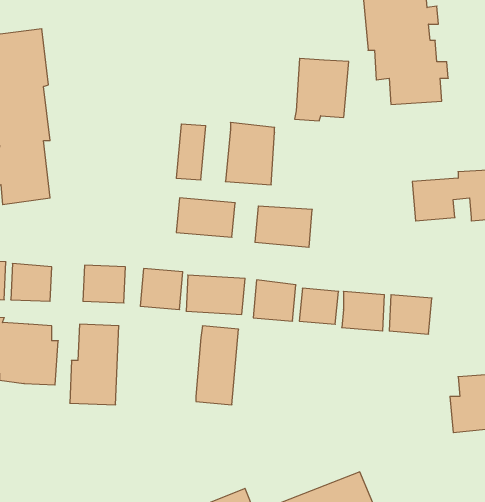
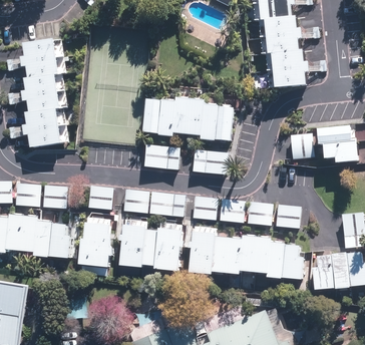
building: [295,58,349,121] -> [201,104,234,142]
building: none -> [158,100,176,137]
building: none -> [120,219,158,268]
building: none -> [189,225,303,279]

